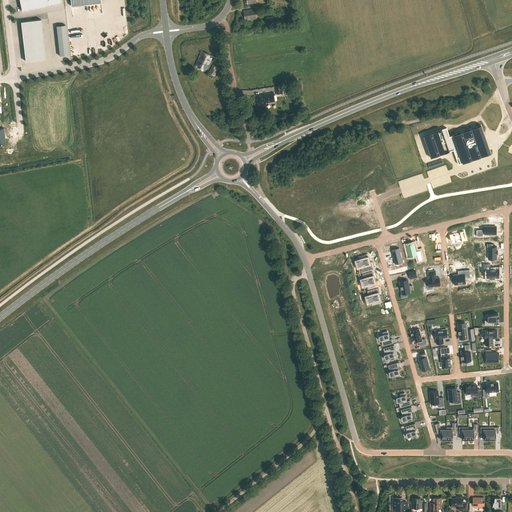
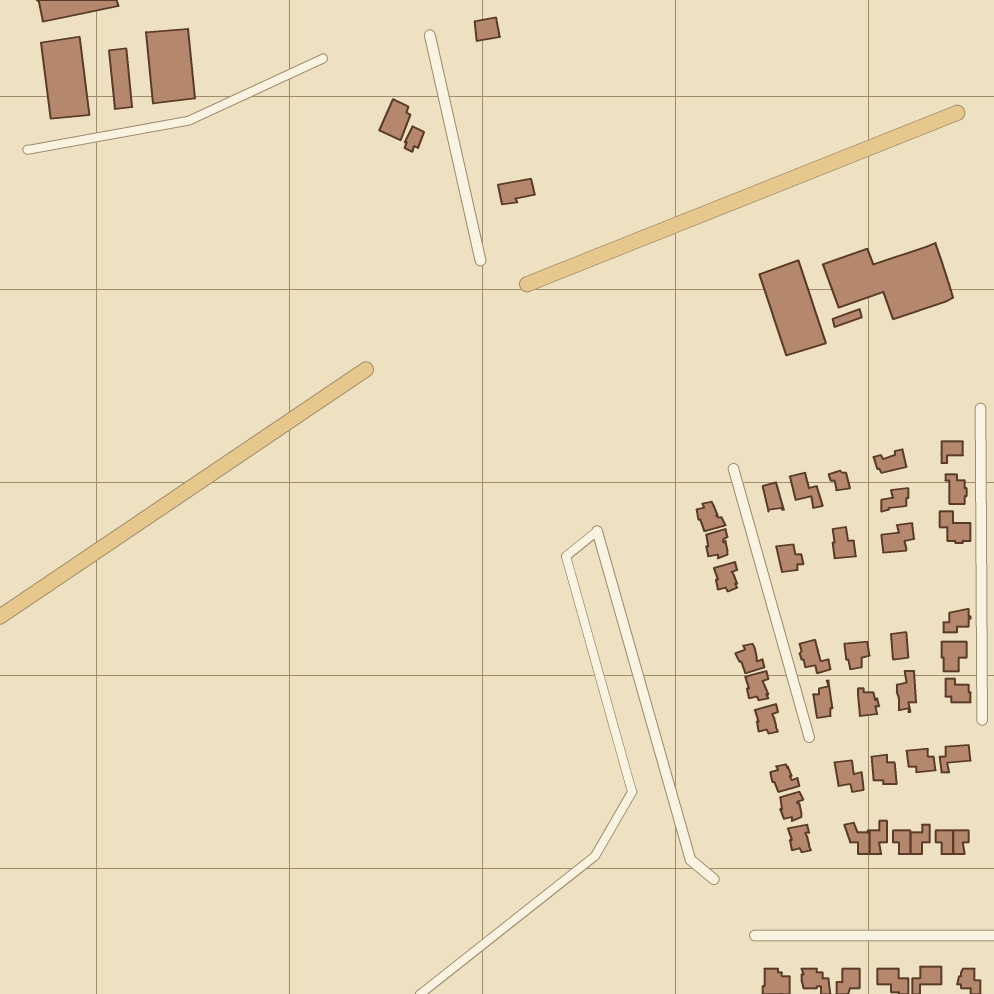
building: none -> [146,29,195,104]
building: none -> [760,260,826,355]

